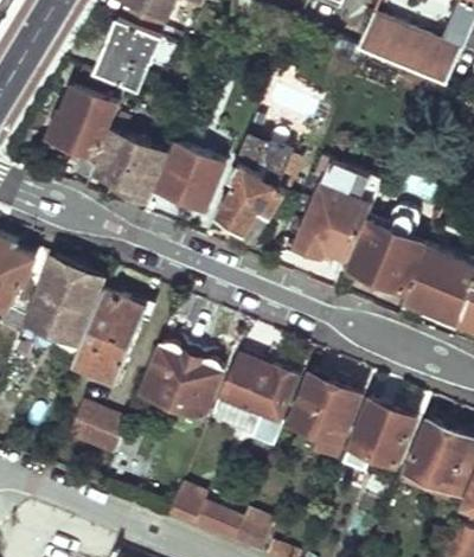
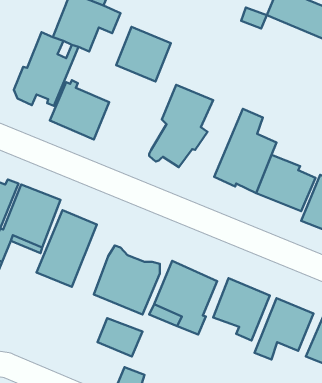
building: [154,143,222,211] -> [116,27,171,81]
building: [69,409,124,456] -> [98,318,142,356]

